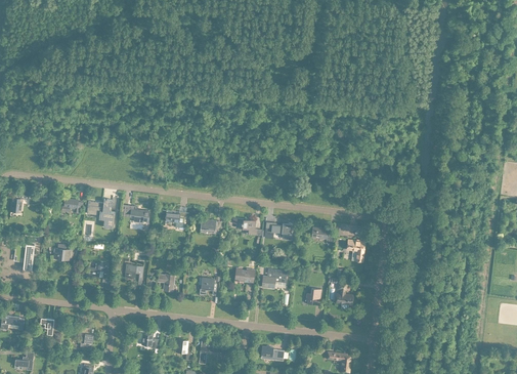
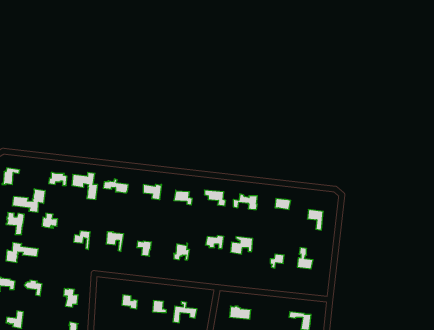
building: none -> [12,189,45,212]
building: none -> [6,242,38,263]

